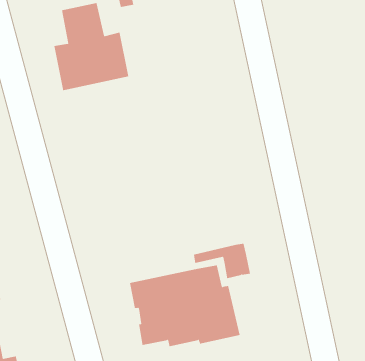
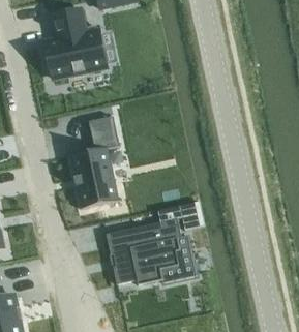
building: none -> [70,116,119,211]

